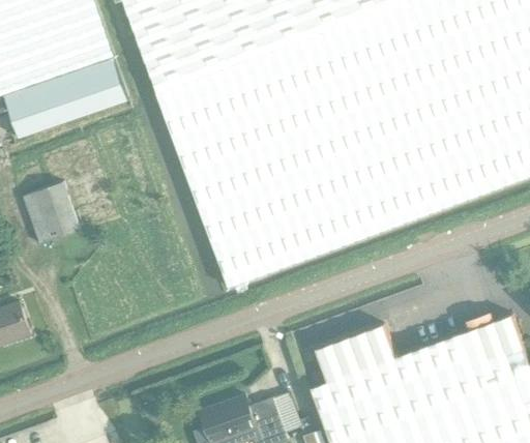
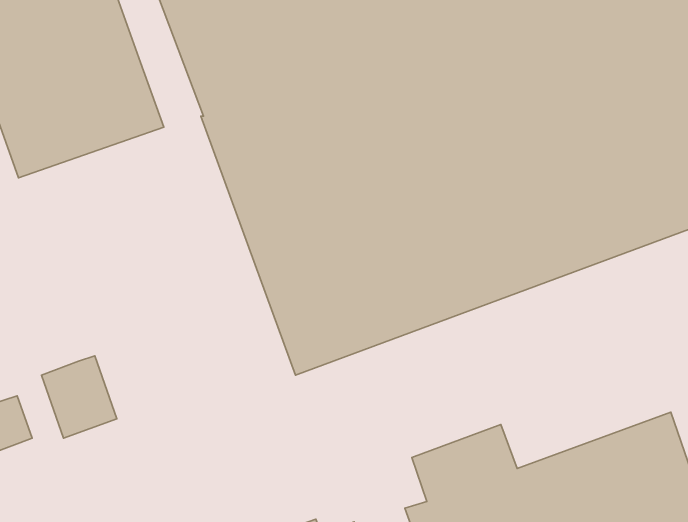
building: [23,181,80,243] -> [41,356,117,438]

